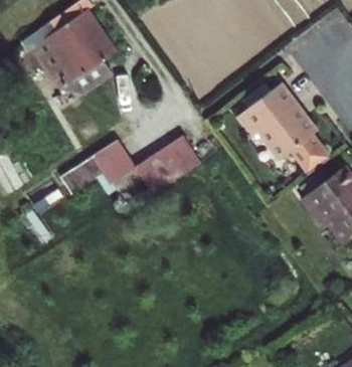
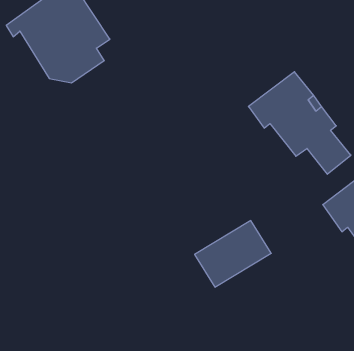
building: [139,133,207,192] -> [195,221,271,287]
building: [60,141,142,194] -> none

